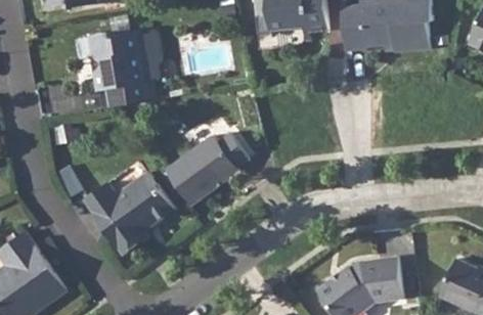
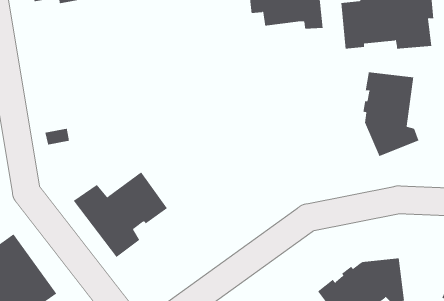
building: [85,29,156,107] -> none
building: none -> [363,71,419,157]
building: [165,135,247,207] -> none

